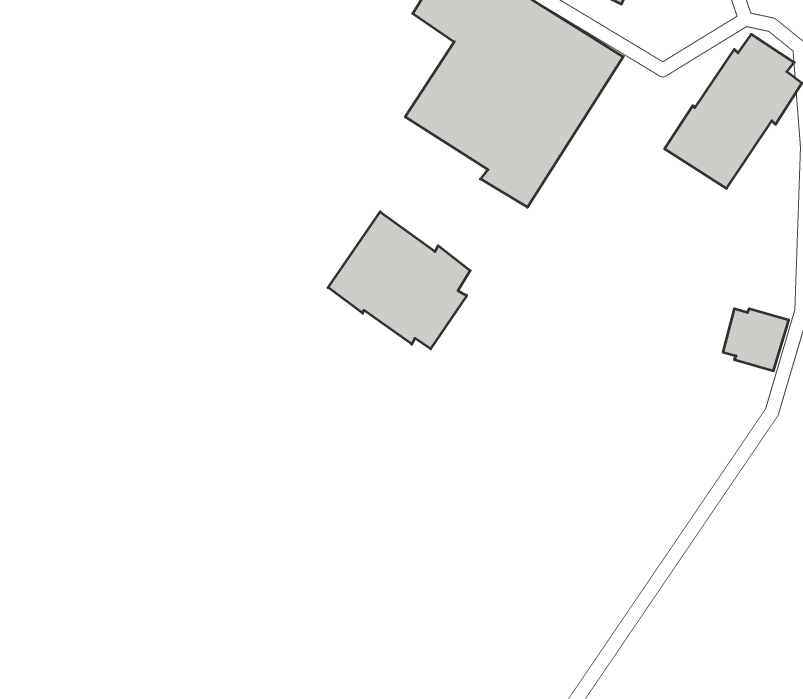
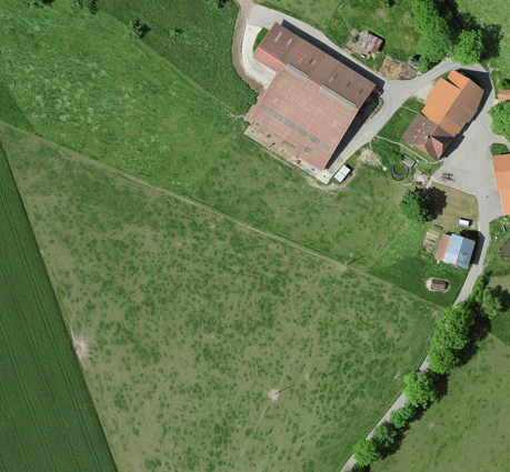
building: [328,212,470,349] -> none

